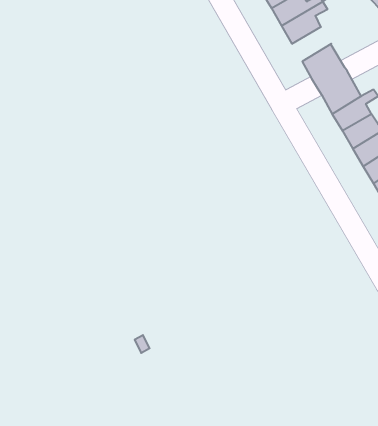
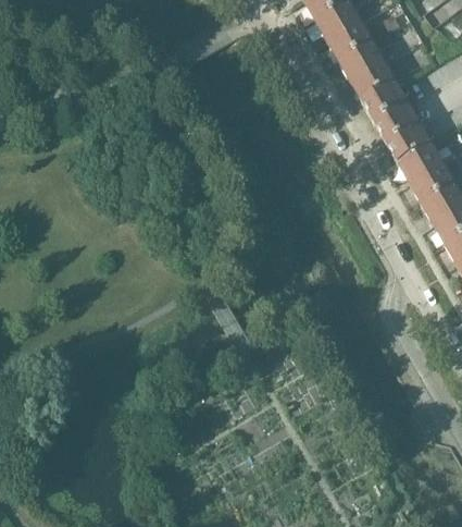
building: none -> [351,62,411,102]

